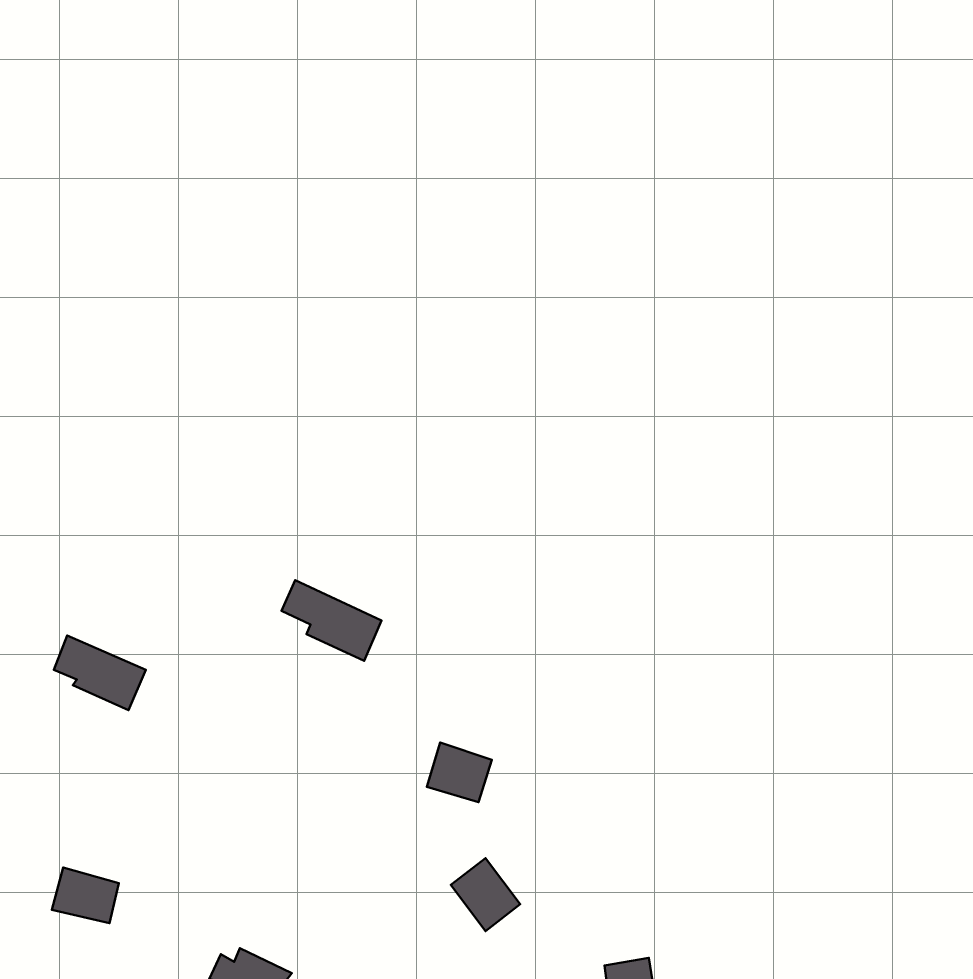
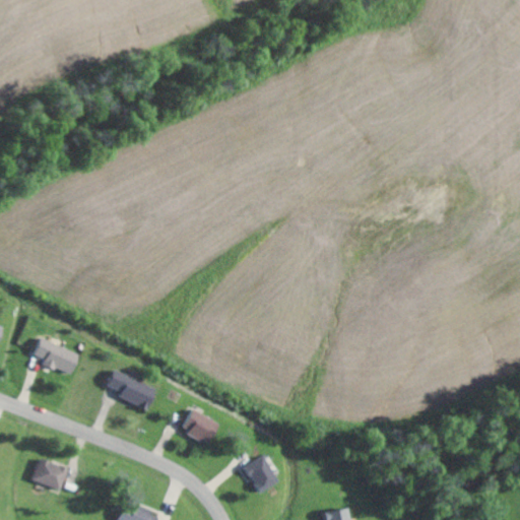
building: [282,580,381,661] -> [105,369,157,411]
building: [427,743,492,802] -> [181,410,215,442]

